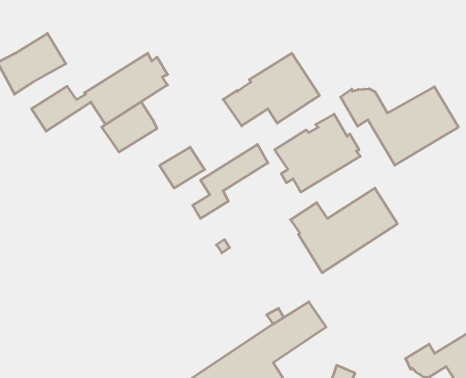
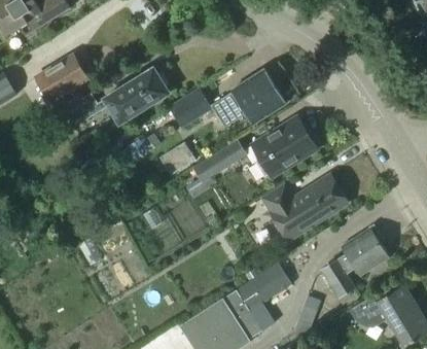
building: [340,87,458,165] -> none
building: [102,102,157,152] -> [169,88,212,127]
building: none -> [320,226,389,298]

